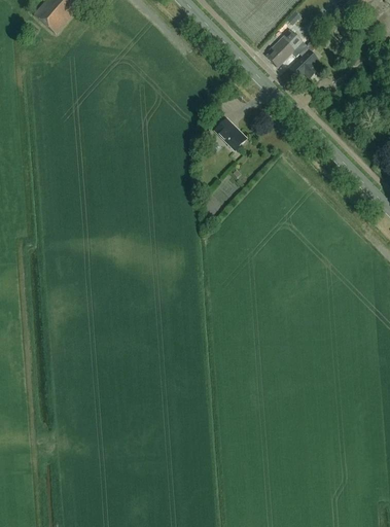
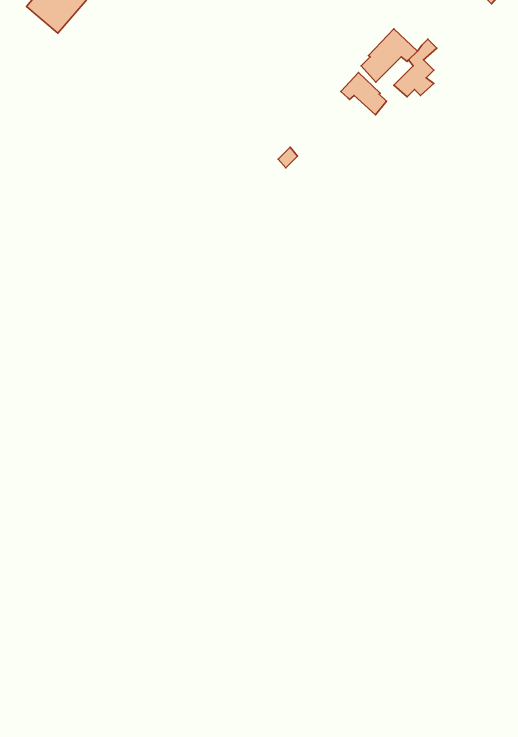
building: none -> [341,73,387,115]
building: [214,116,247,149] -> none

